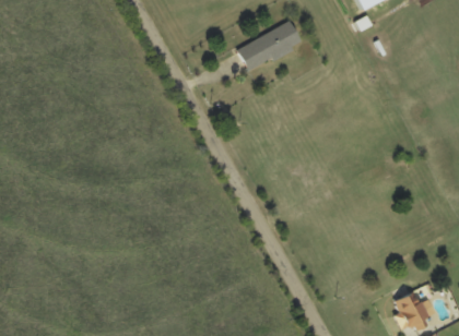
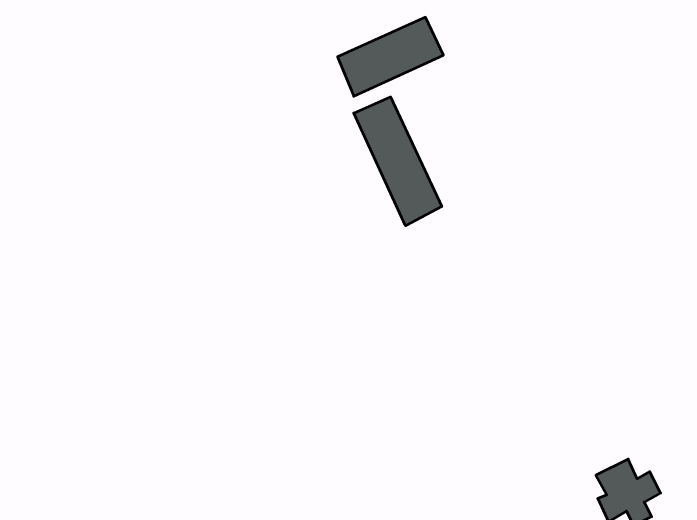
building: none -> [354,97,442,226]

